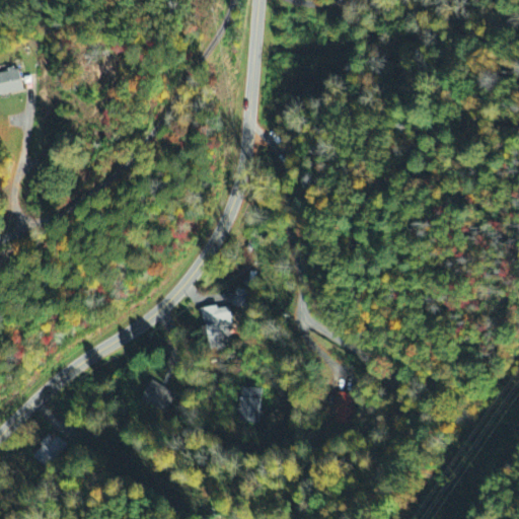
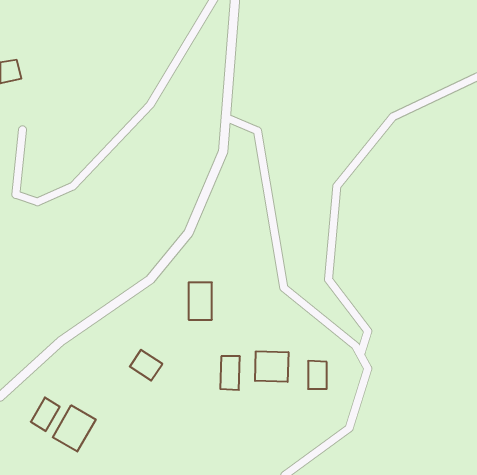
building: none -> [255,351,288,382]
building: none -> [53,405,96,452]

